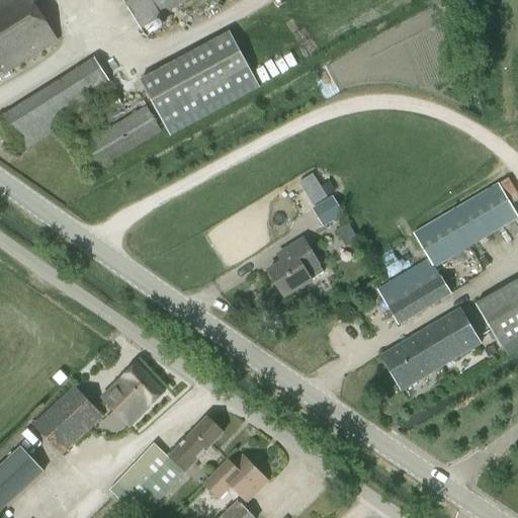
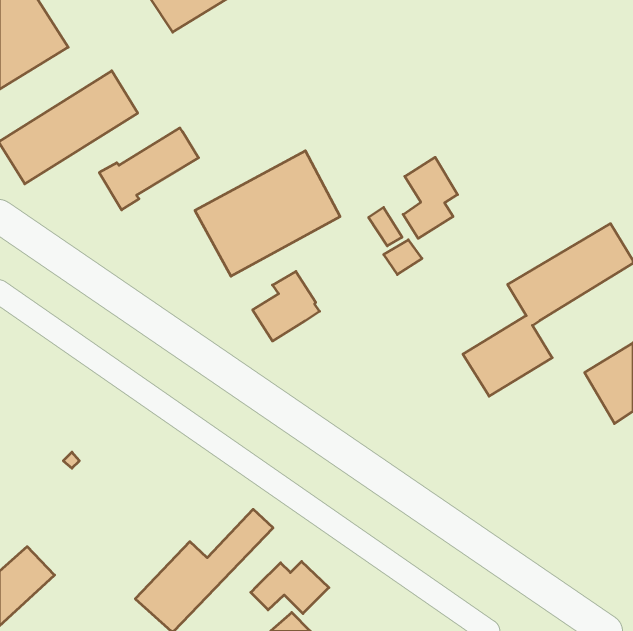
building: [142,30,260,133] -> [195,151,340,276]
building: none -> [403,157,458,238]
building: [268,238,323,294] -> [253,271,320,341]
building: [381,307,480,386] -> none
building: [101,361,164,424] -> none
building: [33,384,102,453] -> none

